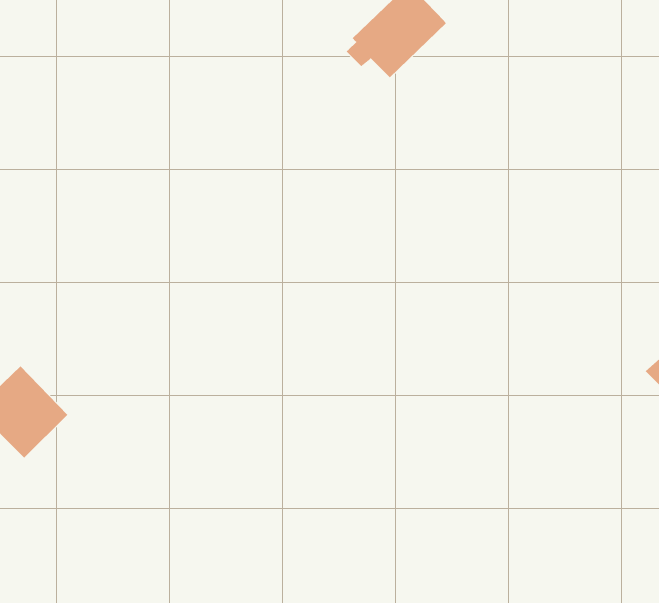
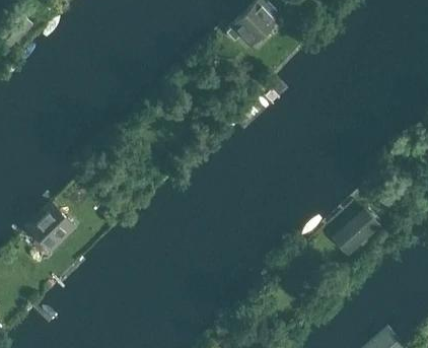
building: none -> [332,210,376,253]

